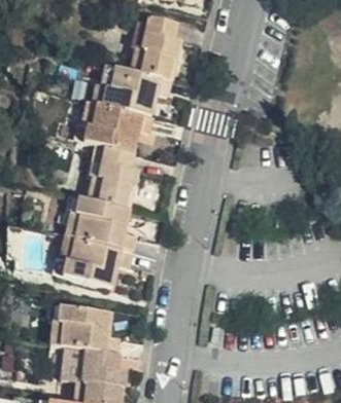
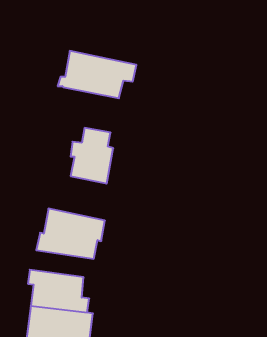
building: [130,24,178,86] -> none
building: [73,109,155,160] -> none
building: [70,205,137,258] -> none

